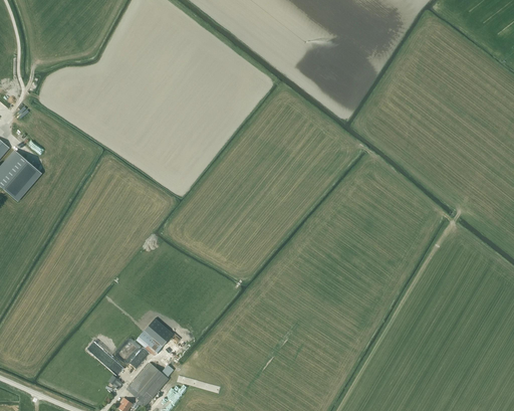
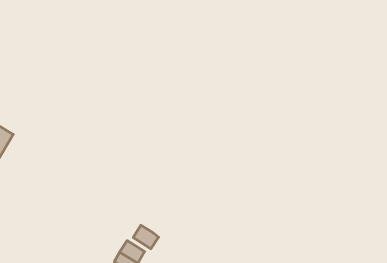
building: none -> [133,225,159,249]

